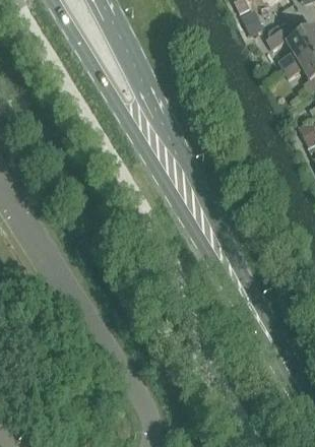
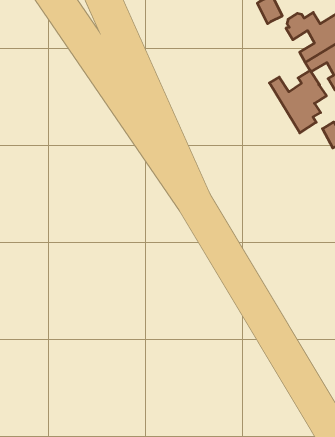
building: none -> [269,70,326,133]

